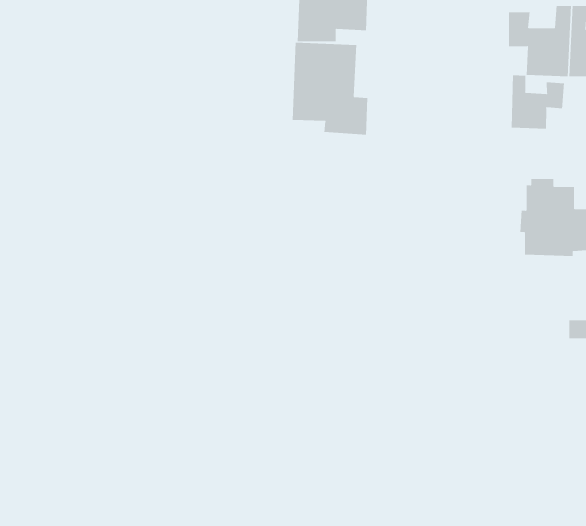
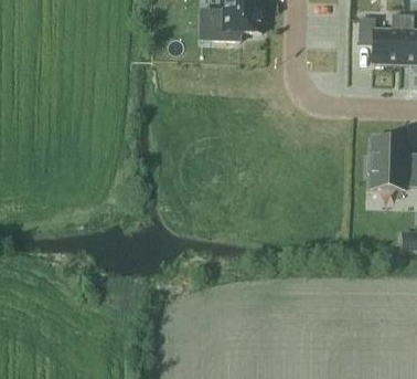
building: [292,42,368,135] -> none
building: [511,74,565,130] -> none

